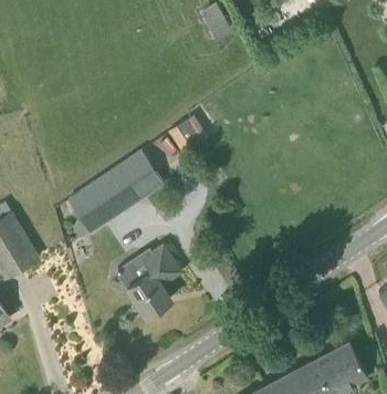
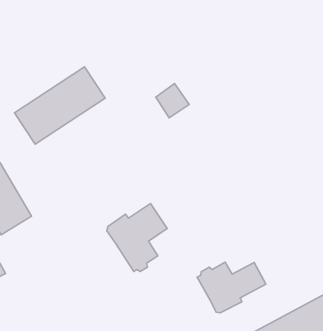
building: [69,152,165,234] -> [14,67,105,144]
building: none -> [197,262,266,313]

